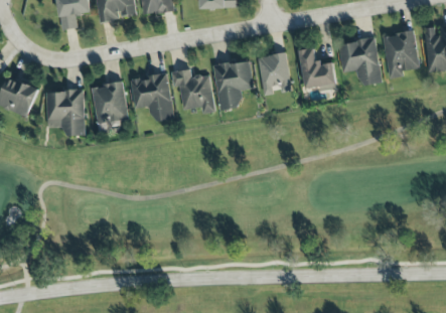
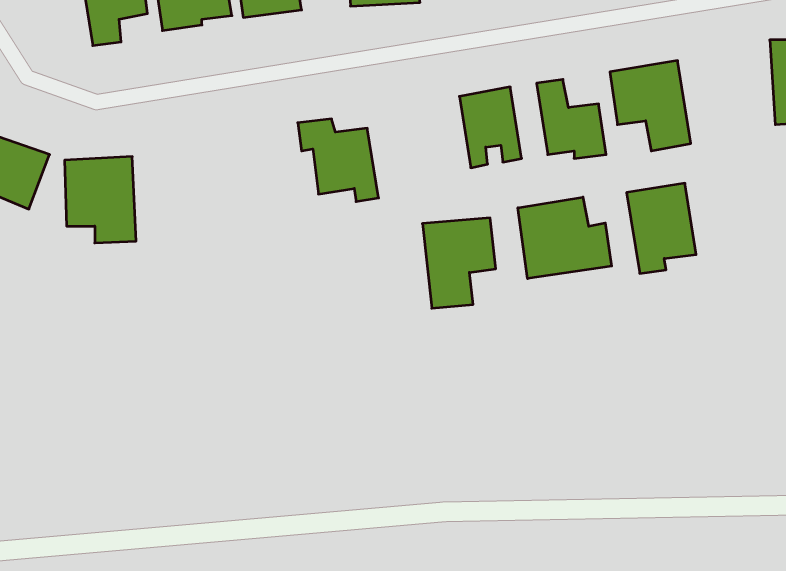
building: [382,30,419,79] -> [627,183,696,273]
building: [213,61,253,110] -> [422,218,496,308]
building: [130,72,172,122] -> none
building: [93,83,126,127] -> none
building: none -> [518,197,612,279]

